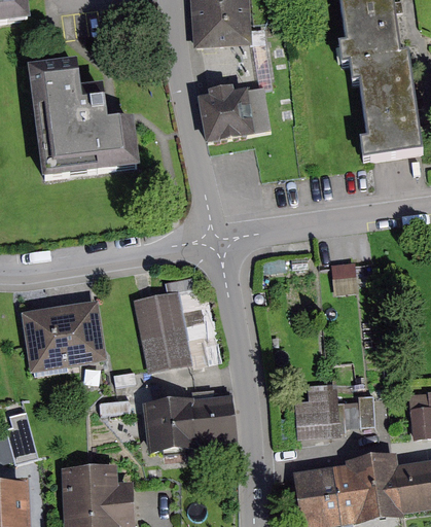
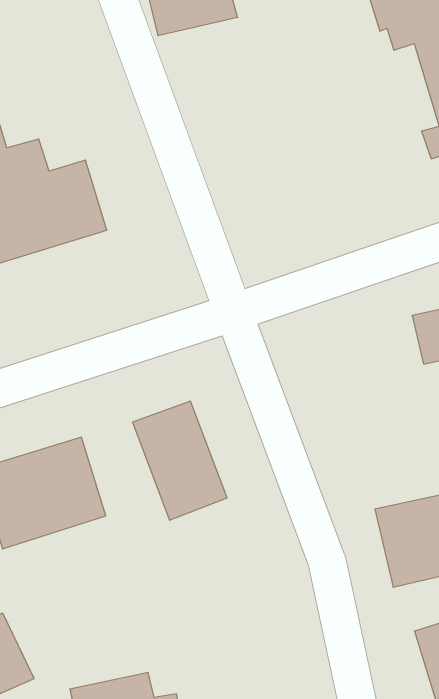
building: [196,89,271,146] -> none
building: [147,393,238,456] -> none

